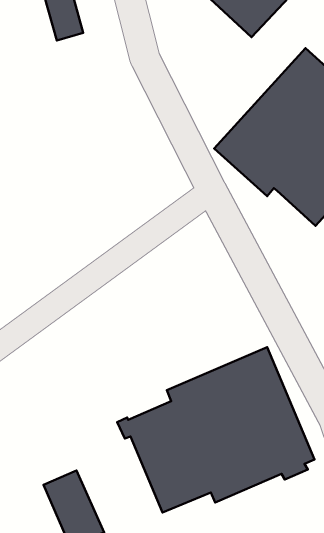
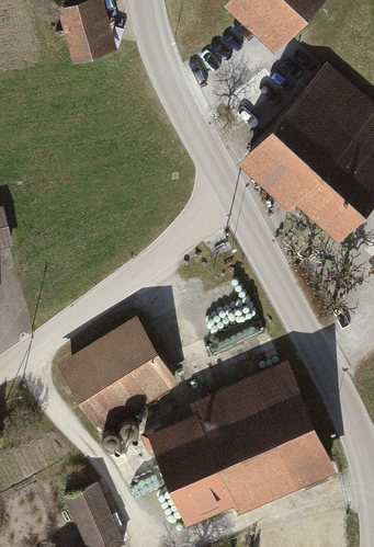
building: none -> [53,317,178,435]

